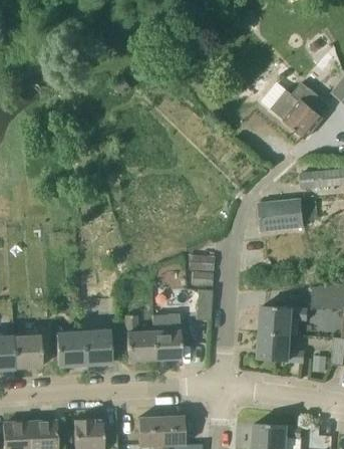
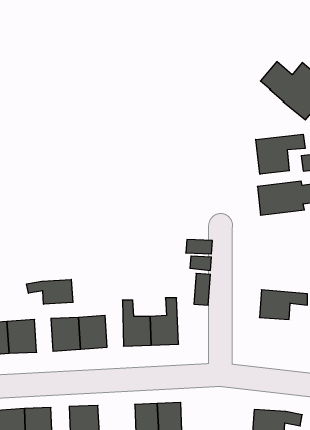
building: none -> [256,134,305,174]
building: none -> [27,279,73,304]
building: [258,332,304,363] -> none

